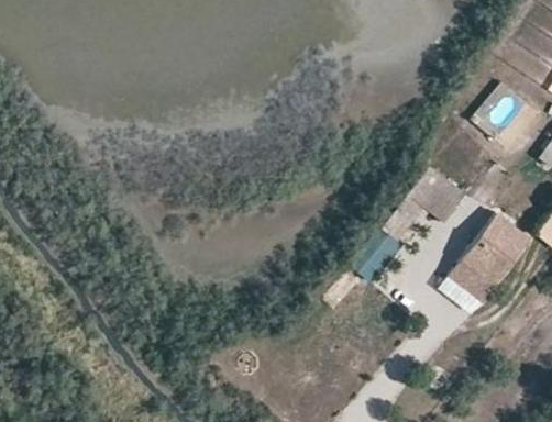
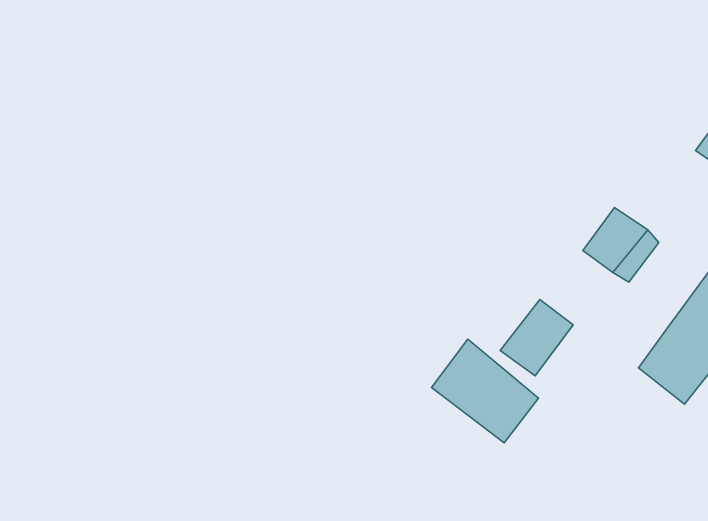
building: none -> [431,339,538,443]

